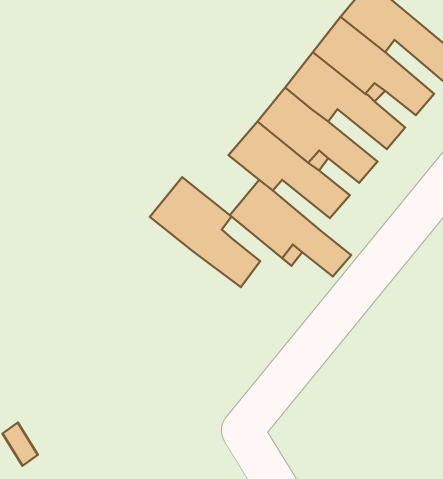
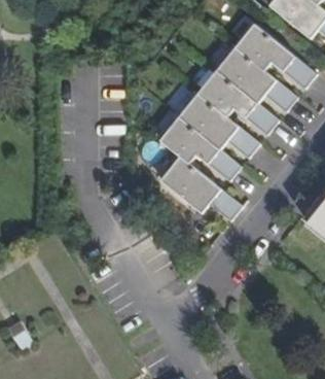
building: [150,177,260,287] -> none

